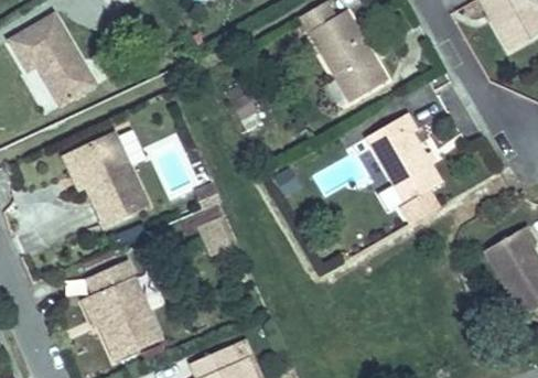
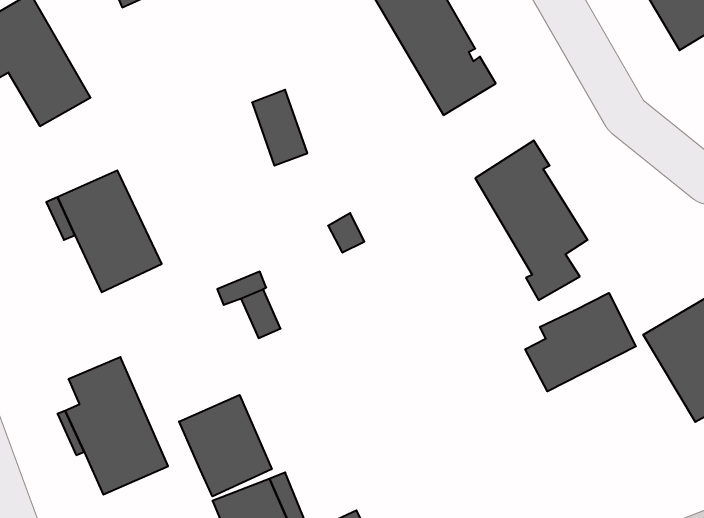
building: none -> [525,293,636,391]
building: none -> [179,395,272,496]

